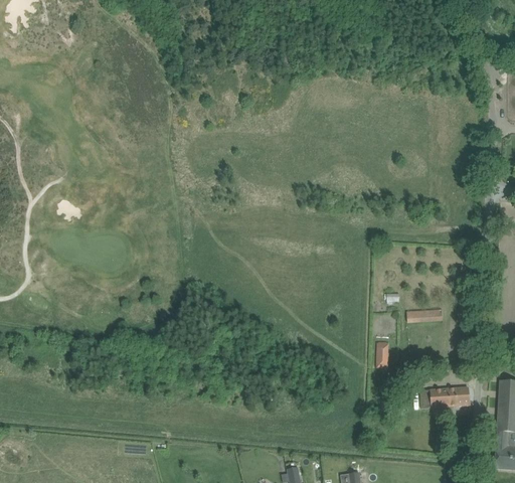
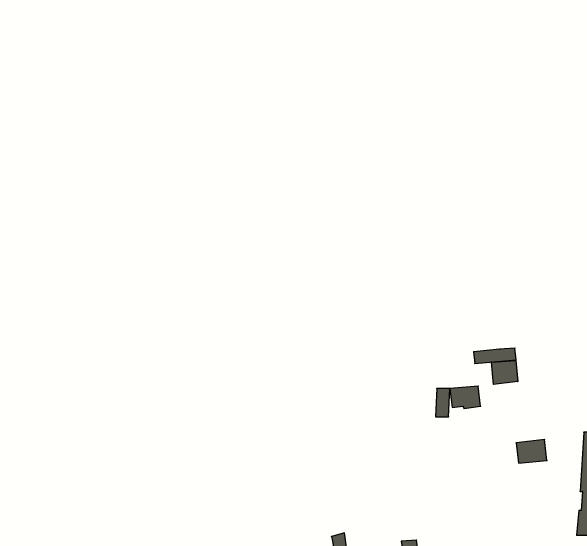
building: none -> [491,360,518,384]
building: [419,389,446,409] -> [450,386,481,409]

